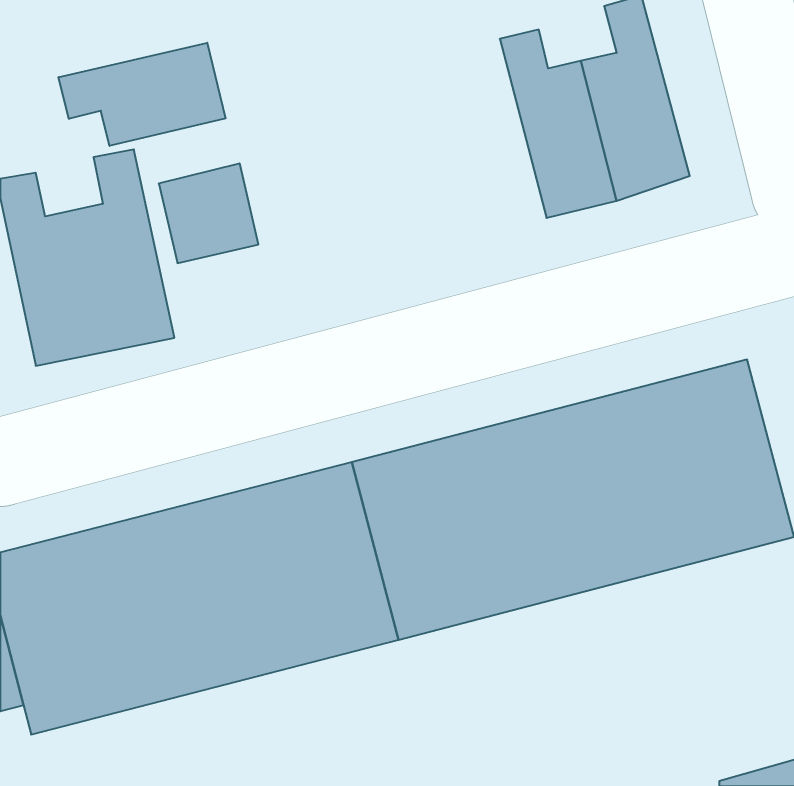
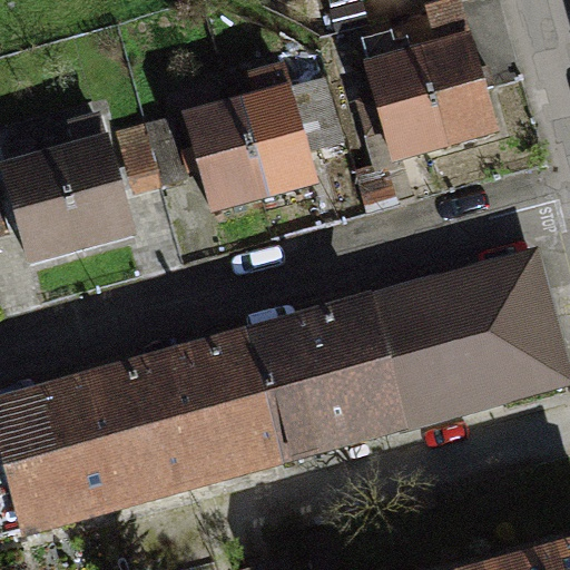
building: none -> [177,30,341,209]
building: [59,43,226,146] -> none

